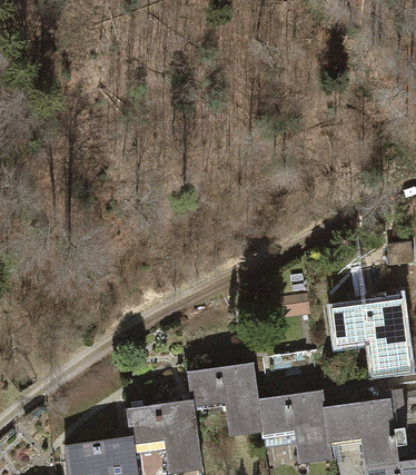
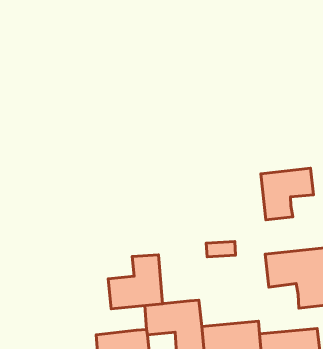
building: none -> [261,168,314,220]
building: none -> [108,255,163,309]

